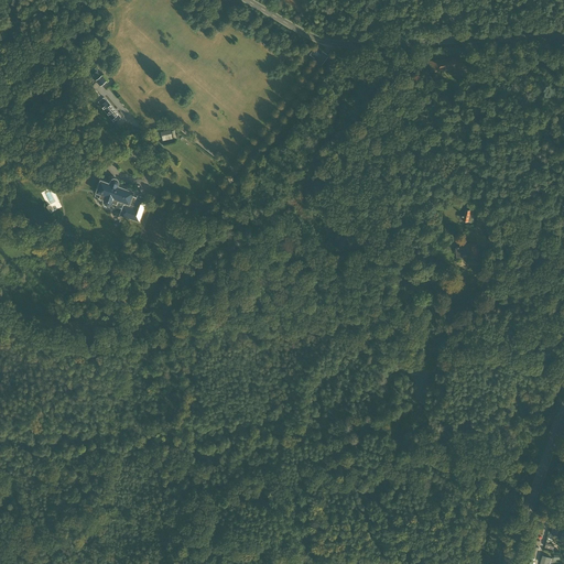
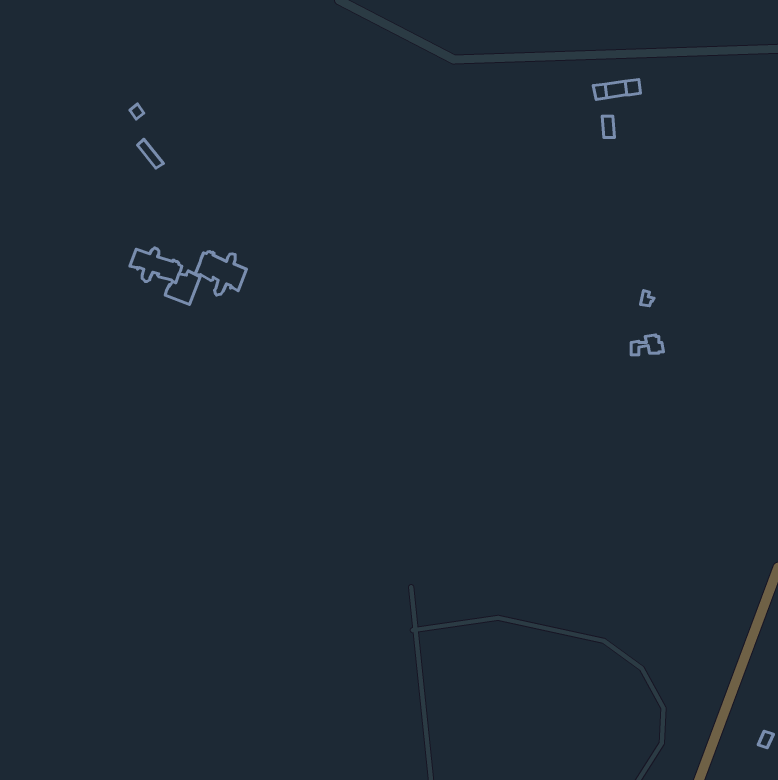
building: none -> [195,252,246,295]

